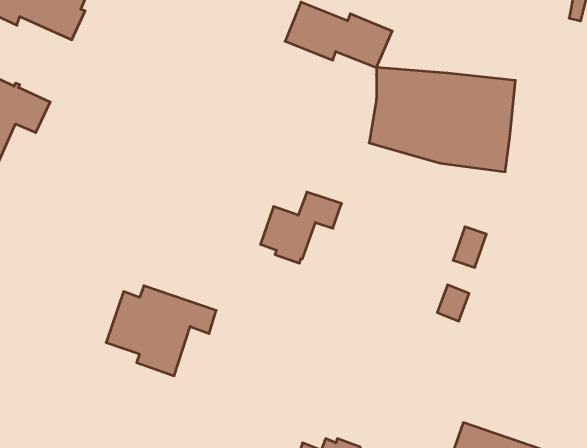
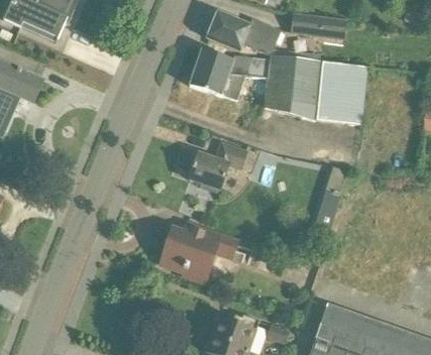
building: none -> [289,13,344,39]
building: none -> [188,48,268,100]
building: [106,286,216,376] -> [158,223,235,285]

